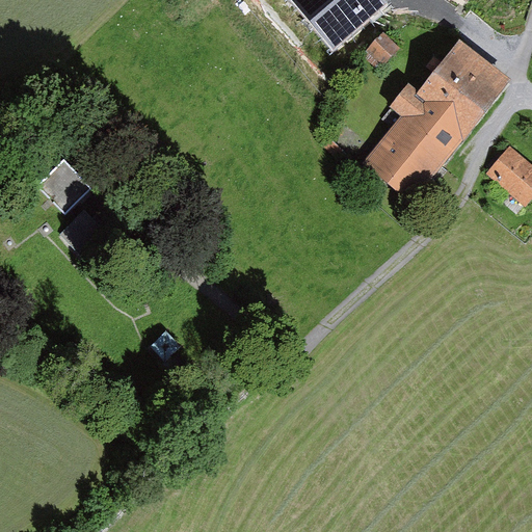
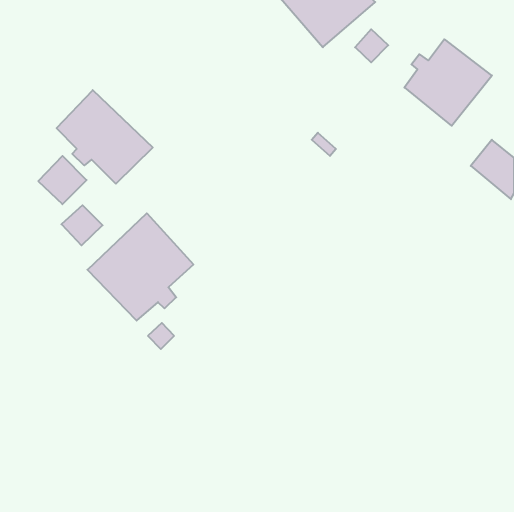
building: [364,83,467,200] -> none
building: none -> [57,90,153,184]
building: none -> [87,213,193,321]

